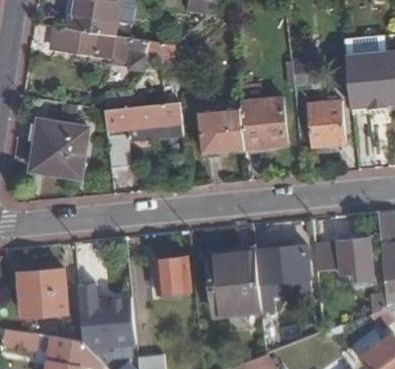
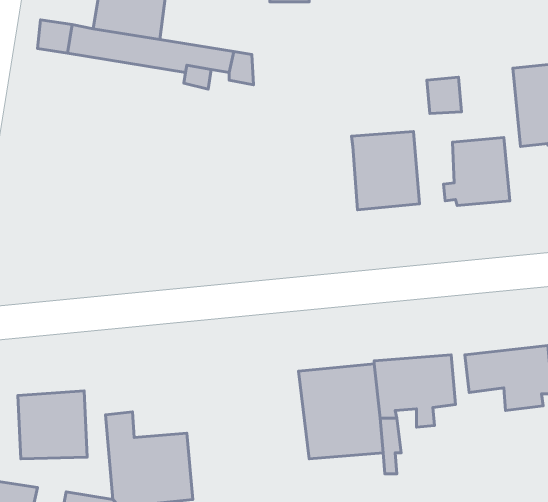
building: [105,103,182,167] -> none
building: [198,108,244,153] -> none
building: [32,121,88,177] -> none
building: [154,258,190,295] -> none

